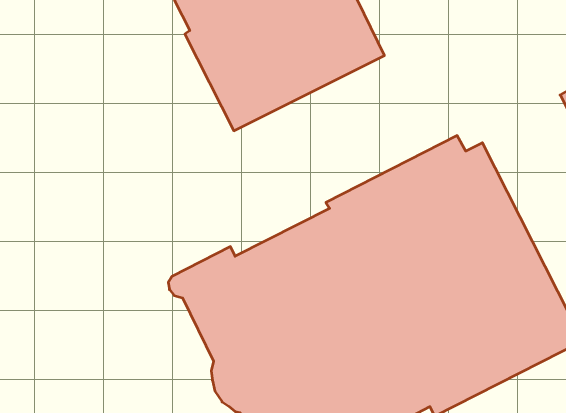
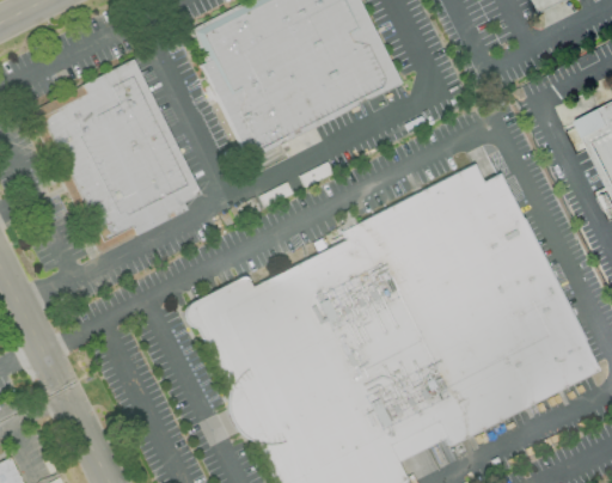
building: none -> [30,59,201,252]

